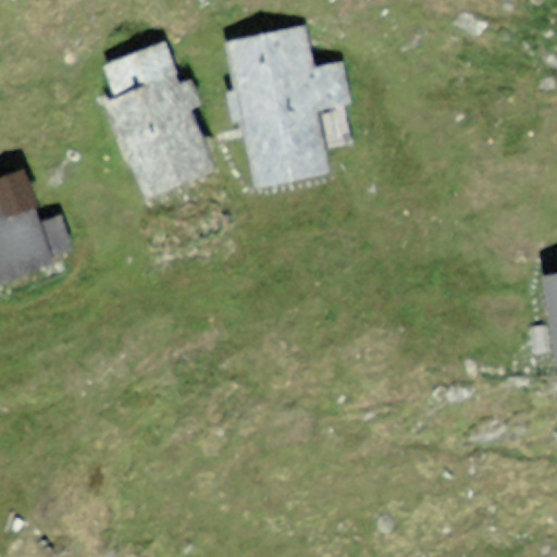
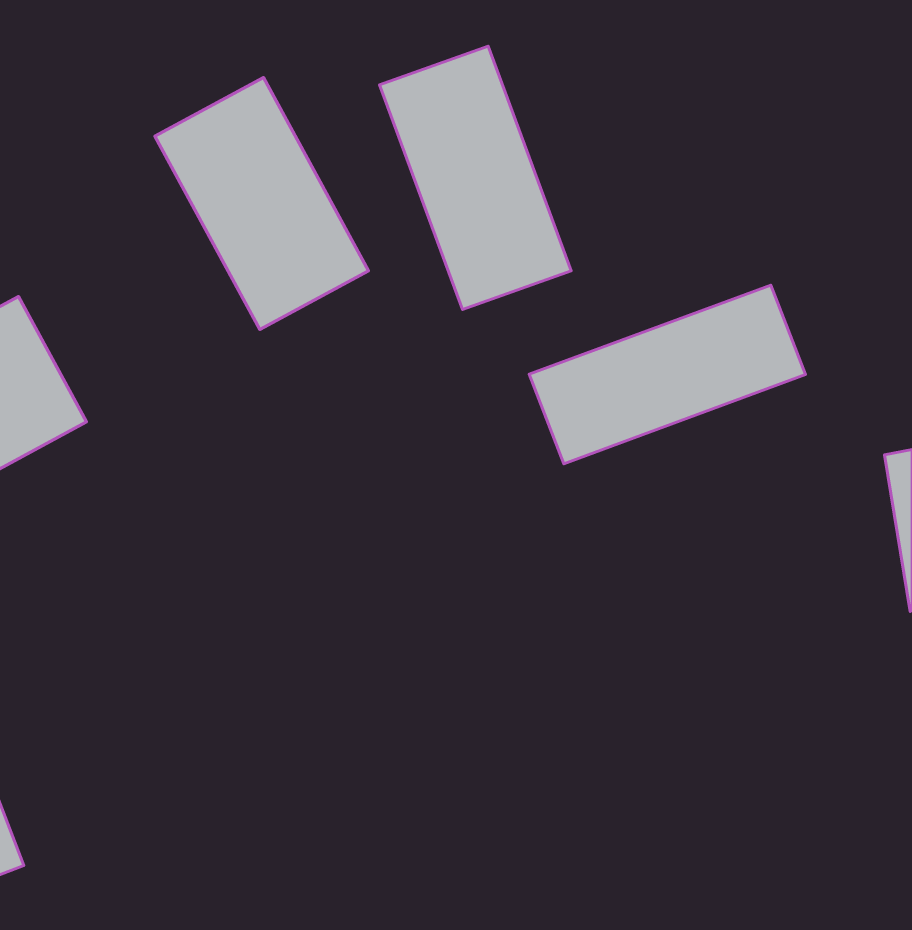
building: none -> [529,285,805,464]

